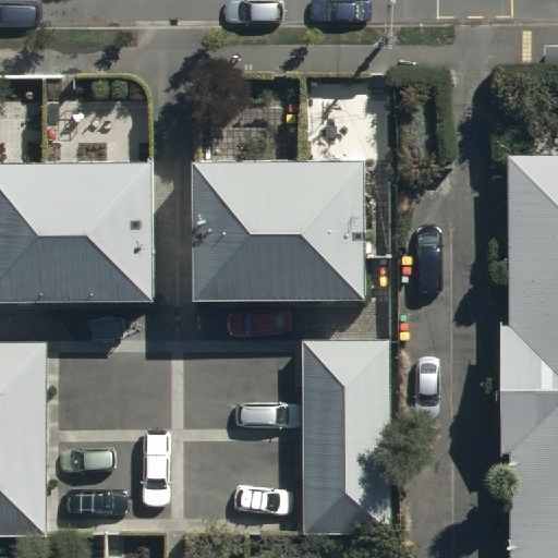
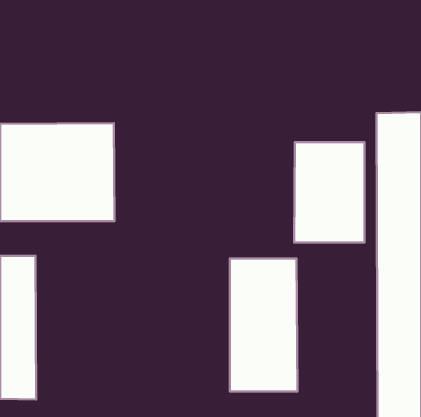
building: [194,163,369,293] -> none
building: none -> [294,142,364,243]

